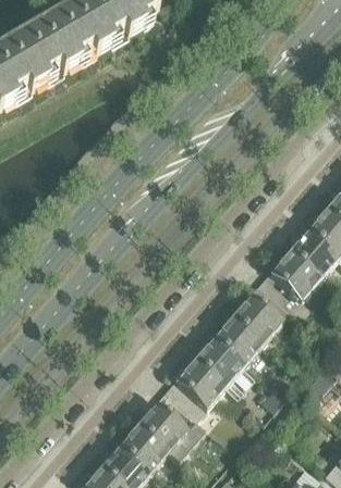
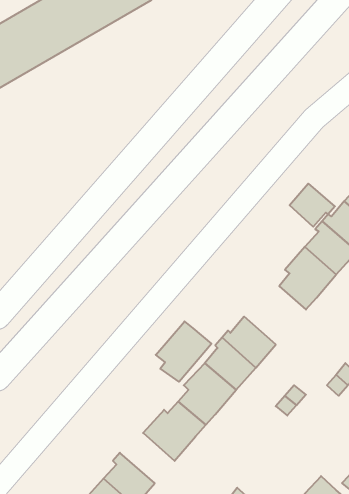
building: none -> [290,184,335,227]
building: [231,291,289,346] -> none
building: none -> [156,321,211,382]
building: [114,428,166,475] -> none

